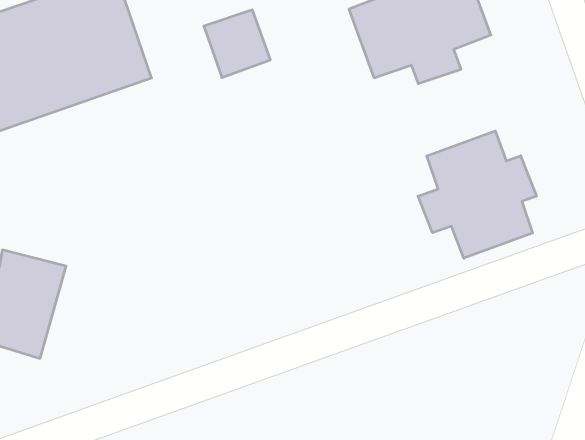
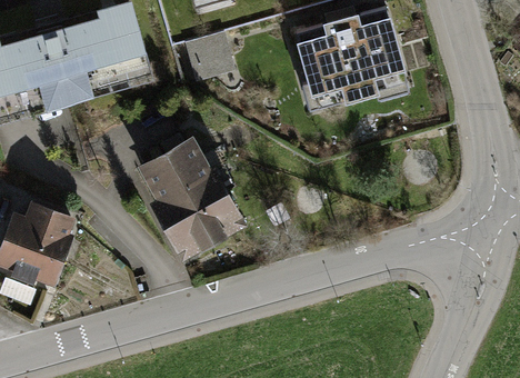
building: [418,131,536,258] -> none
building: none -> [139,137,242,262]

